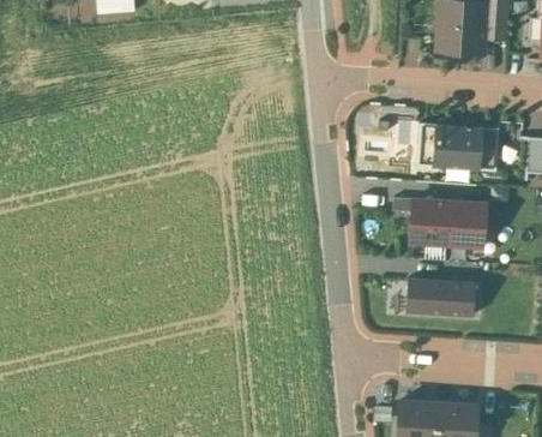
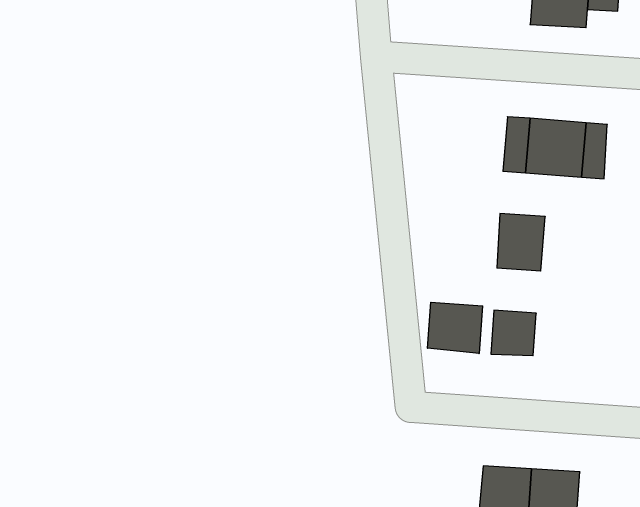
building: [445,202,484,247] -> none
building: none -> [428,302,483,354]
building: [439,279,474,315] -> none

